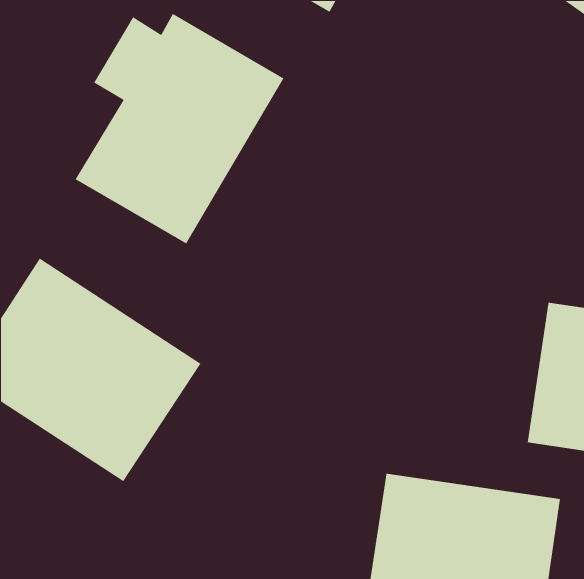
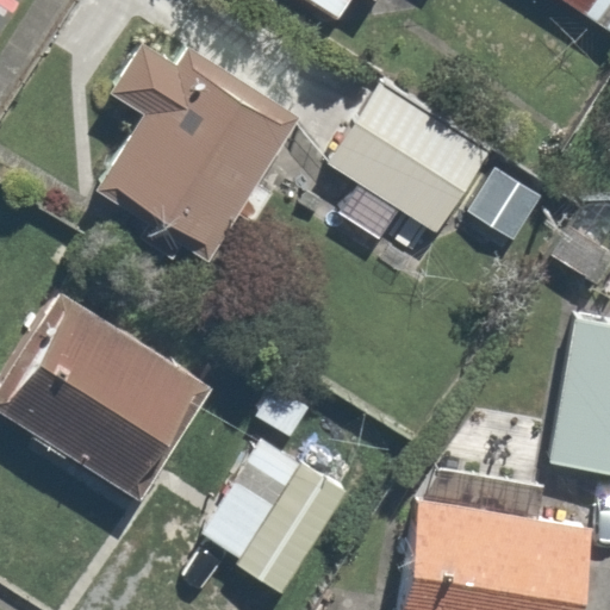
building: none -> [322,77,497,239]
building: none -> [199,429,361,599]

